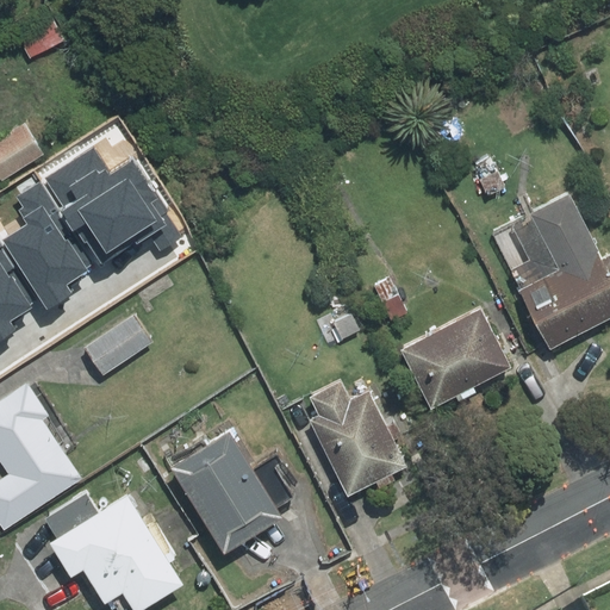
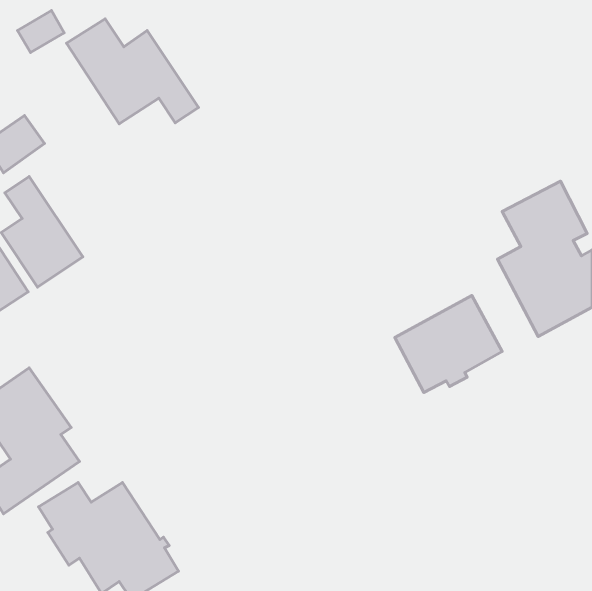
building: [39,151,174,259] -> [67,19,198,124]
building: [83,316,150,376] -> none
building: [310,381,410,497] -> none
building: [162,435,276,559] -> none

